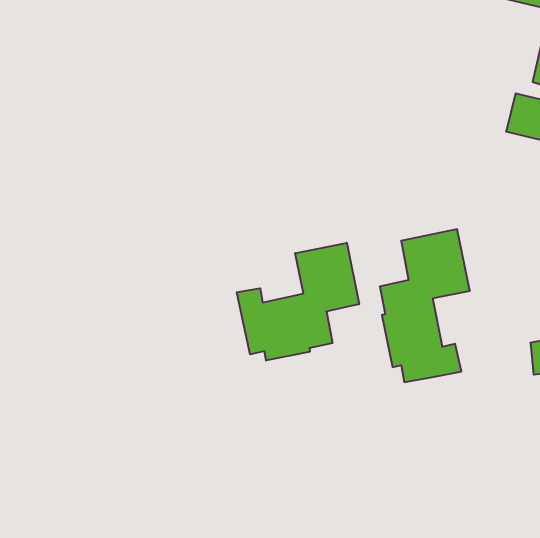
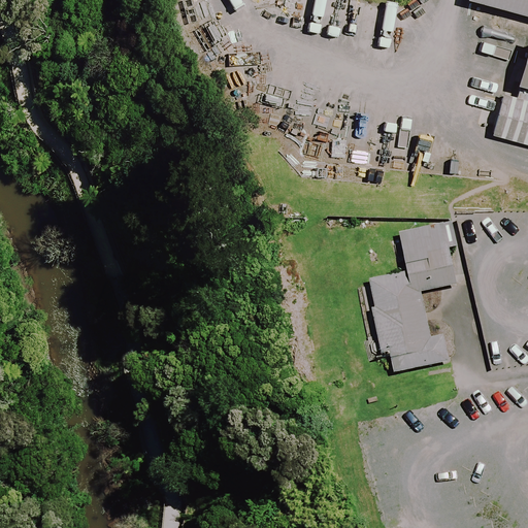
building: [237,243,359,361] -> none

